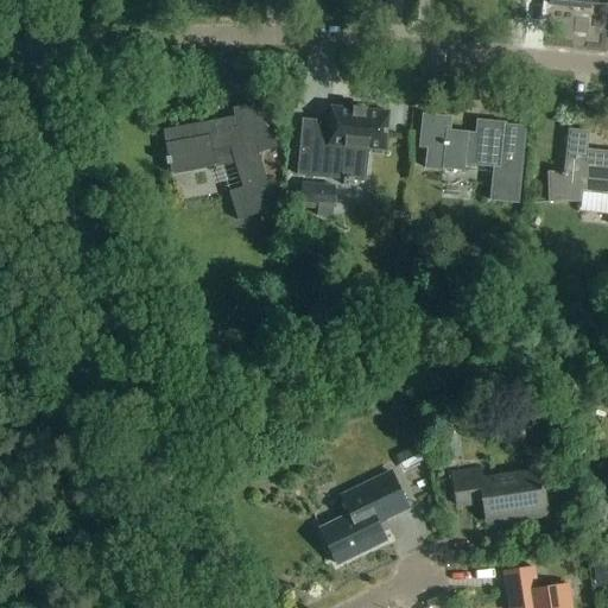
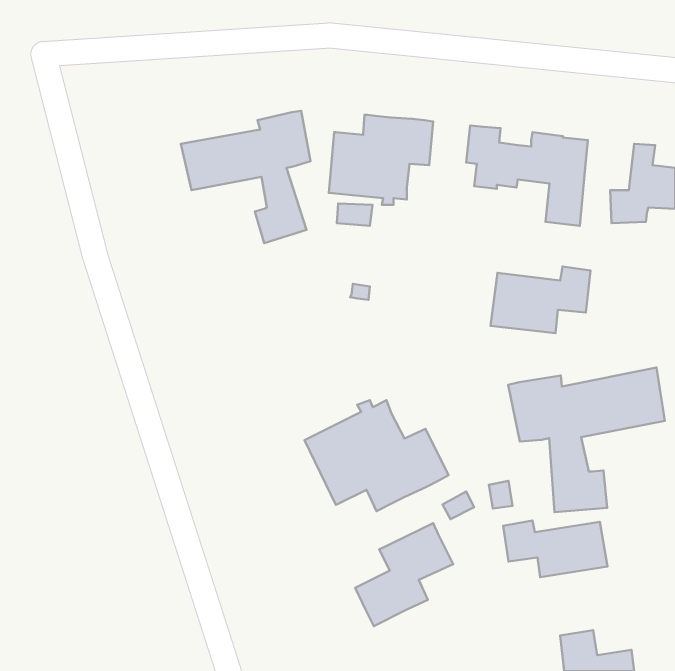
building: none -> [491,266,591,333]
building: none -> [508,367,665,512]
building: none -> [304,400,448,511]

